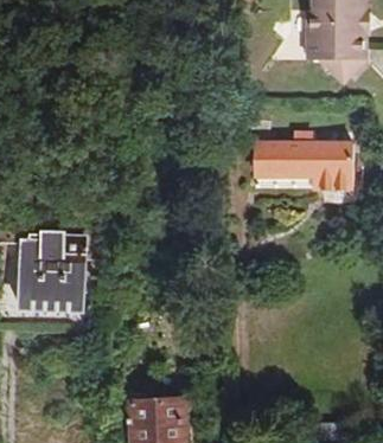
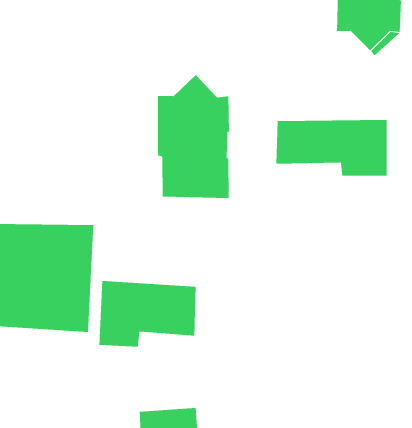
building: none -> [158,74,229,199]
building: none -> [99,280,196,347]

